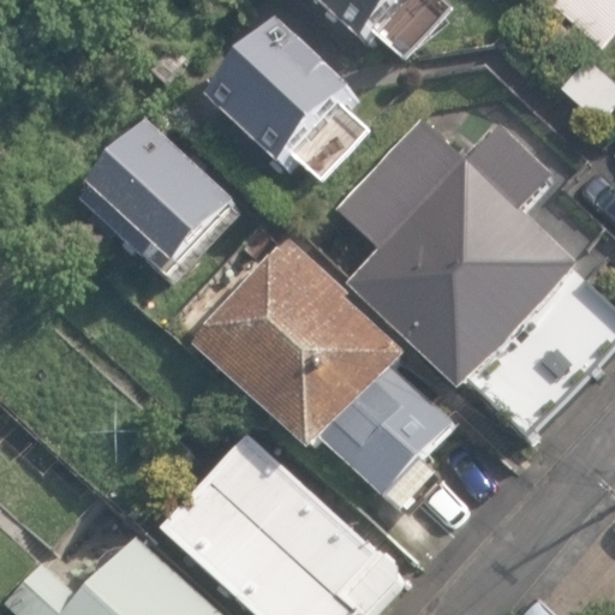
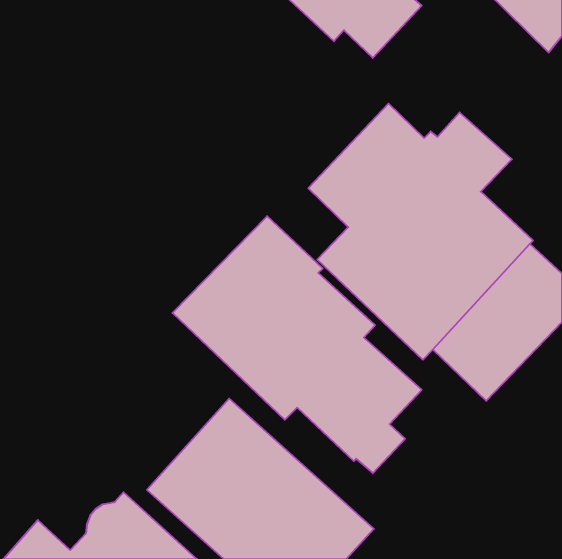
building: [205,22,371,185] -> none
building: [78,121,243,285] -> none

